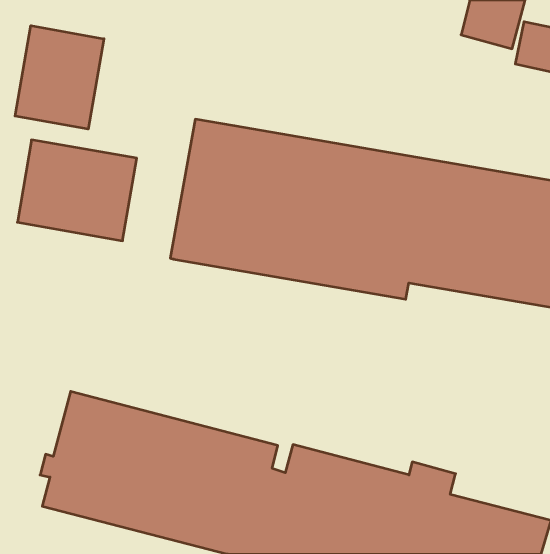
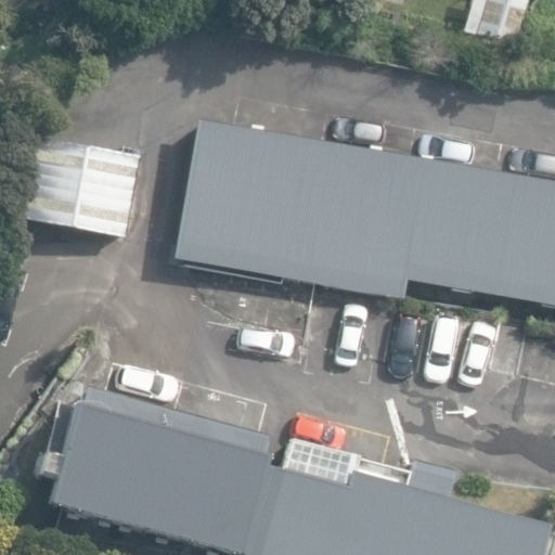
building: [15,26,104,129] -> none

